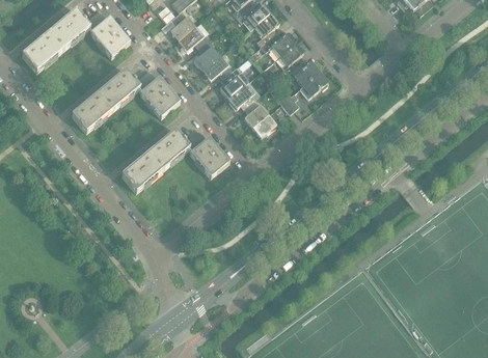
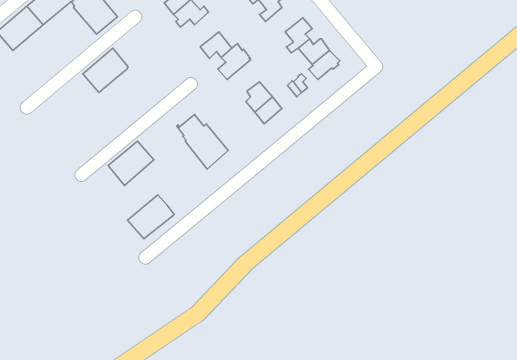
building: [261,31,294,54] -> none
building: [192,36,219,67] -> none
building: [132,67,178,116] -> none
building: [226,79,260,107] -> none
building: [71,91,112,131] -> none
building: [146,129,188,168] -> [128,195,174,239]

